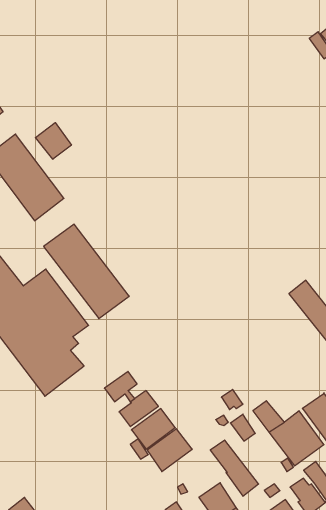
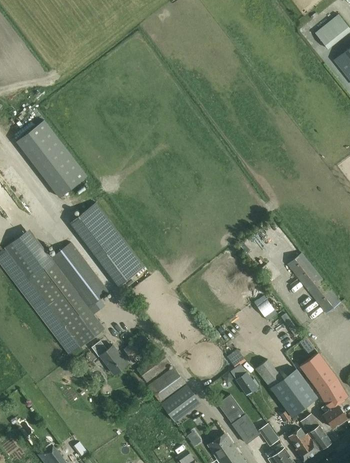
building: [35,123,71,159] -> none
building: none -> [91,340,129,373]

